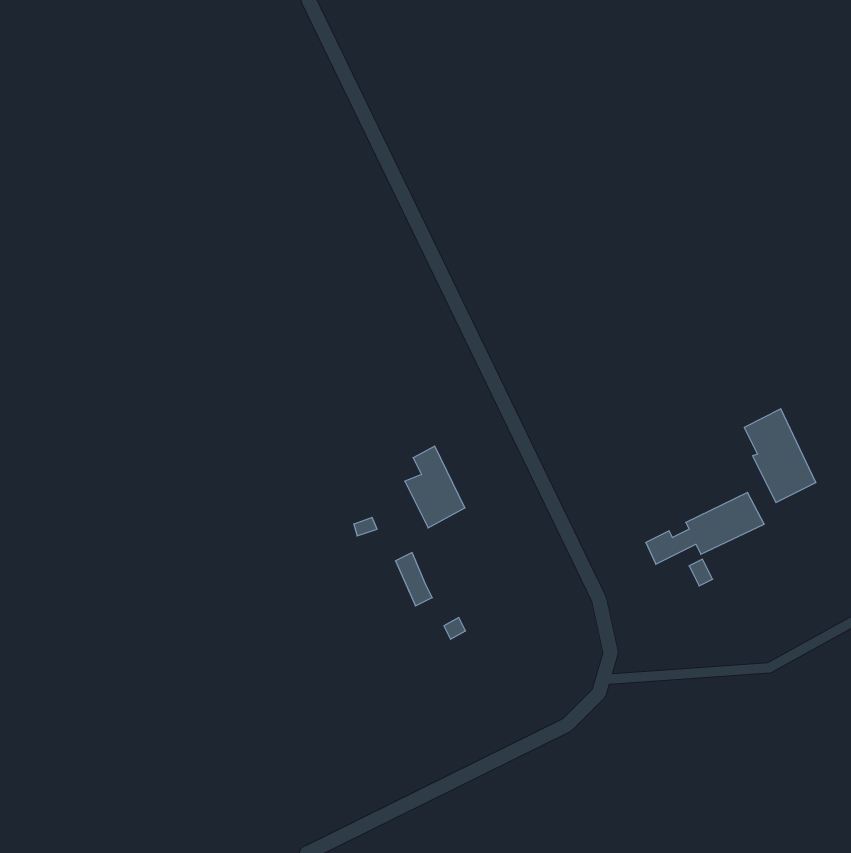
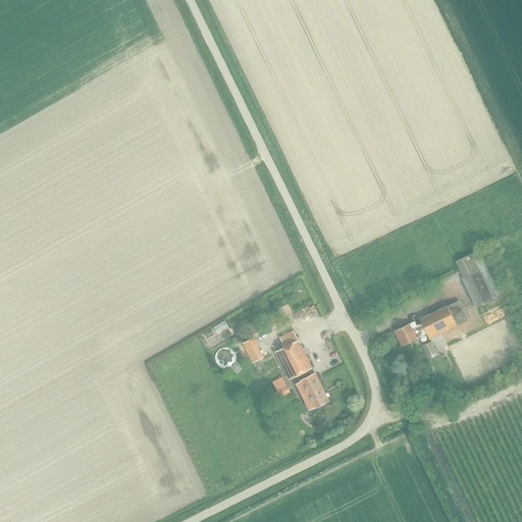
building: [405,446,465,528] -> [274,330,311,380]
building: none -> [295,374,328,410]

